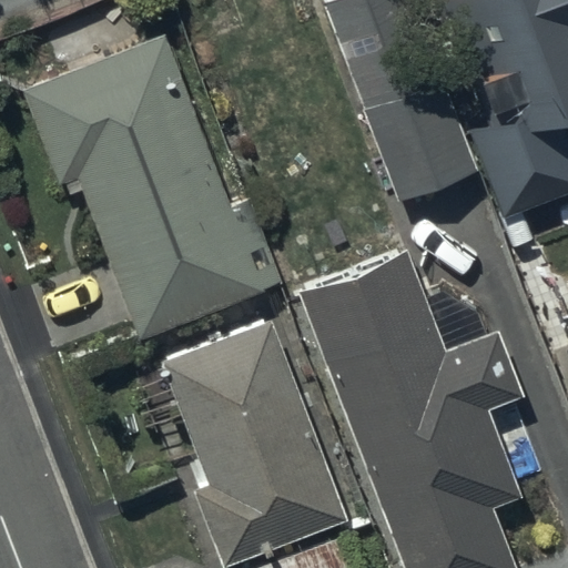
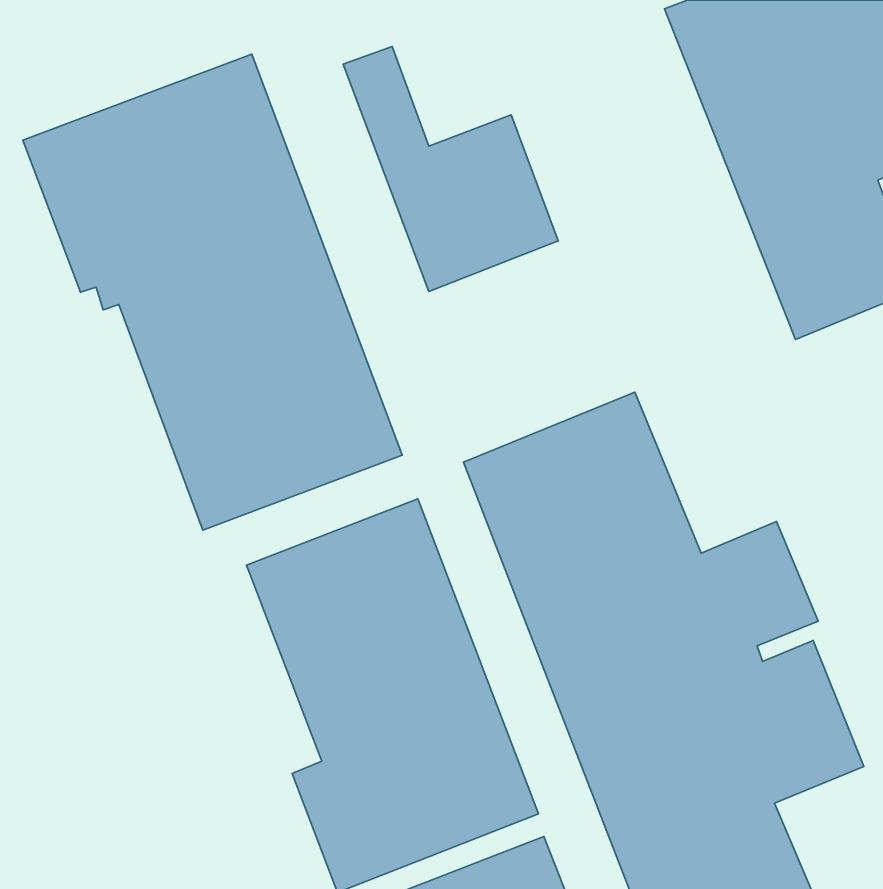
building: [341,41,477,196] -> [343,47,558,292]

